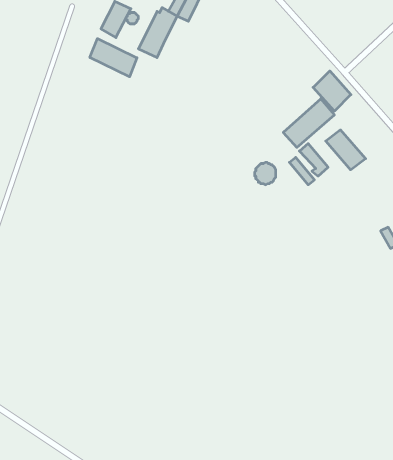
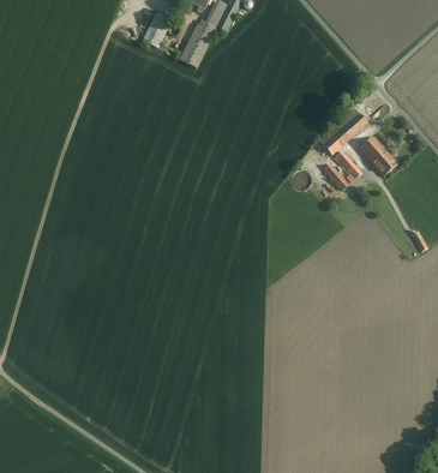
building: [90,39,137,77] -> none
building: [313,71,351,111] -> none

